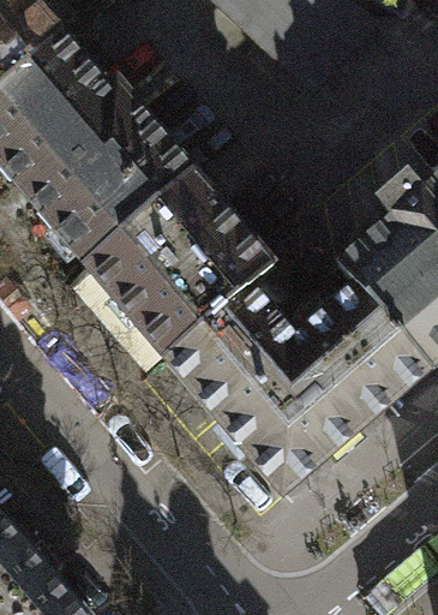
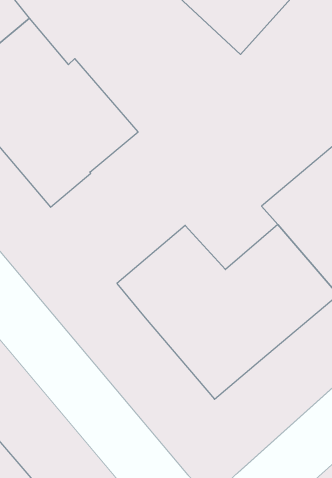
building: [85,174,269,356] -> none

